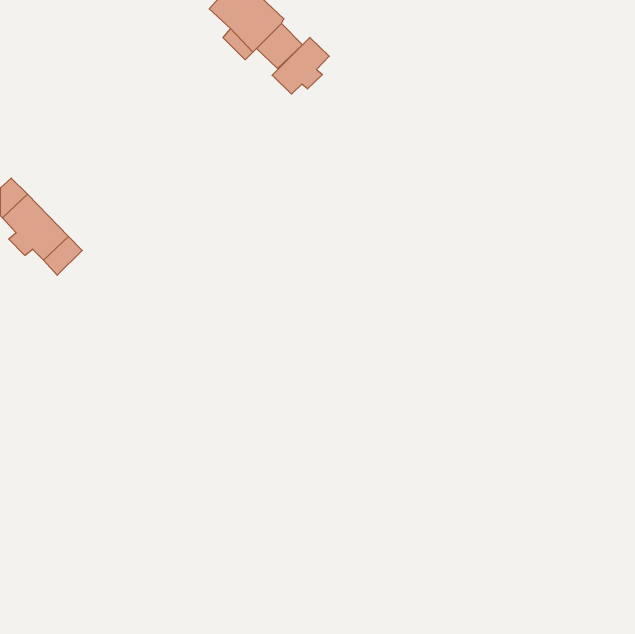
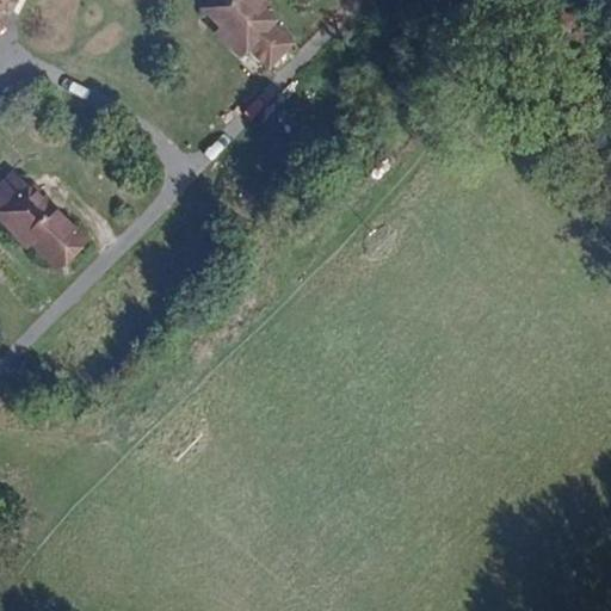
building: [272,37,329,94] -> none

